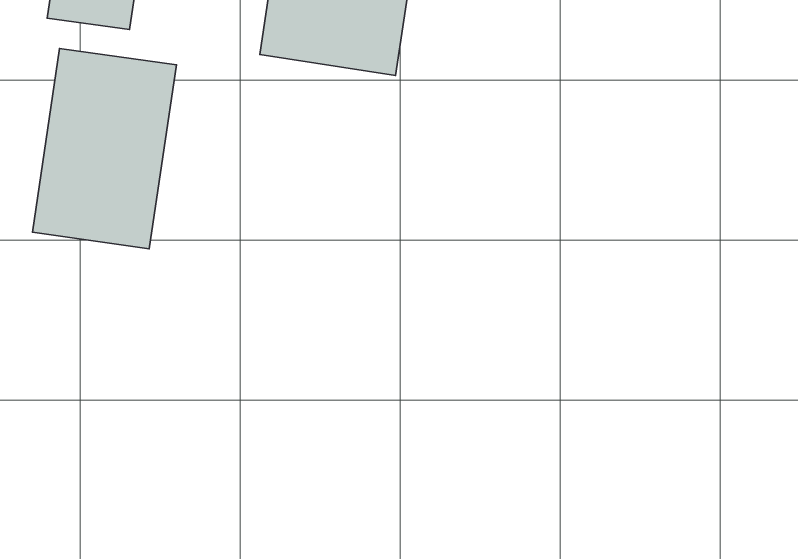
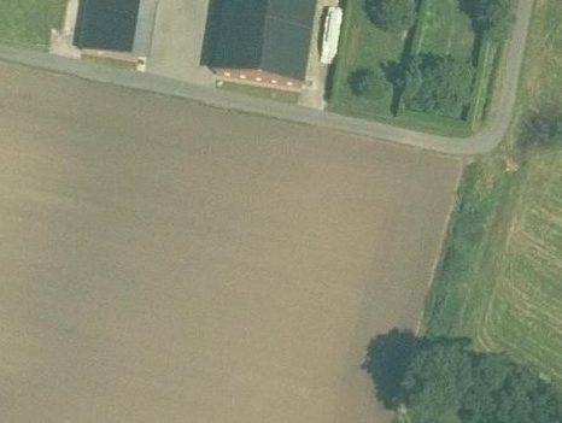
building: [32,48,176,249] -> none

